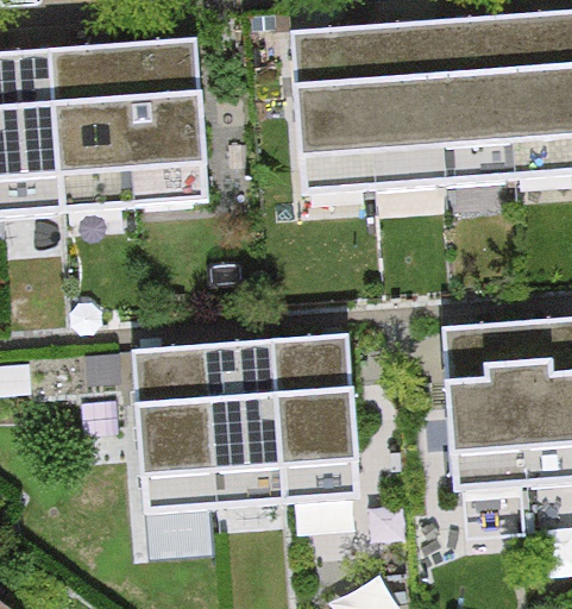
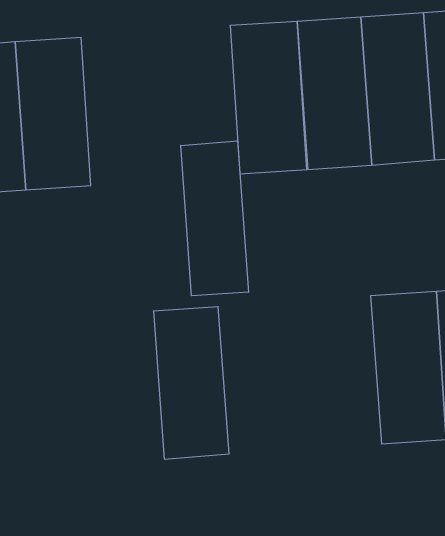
building: [125,38,209,206] -> none
building: none -> [181,141,249,296]
building: [276,334,362,501] -> none
building: [132,344,216,511] -> none

